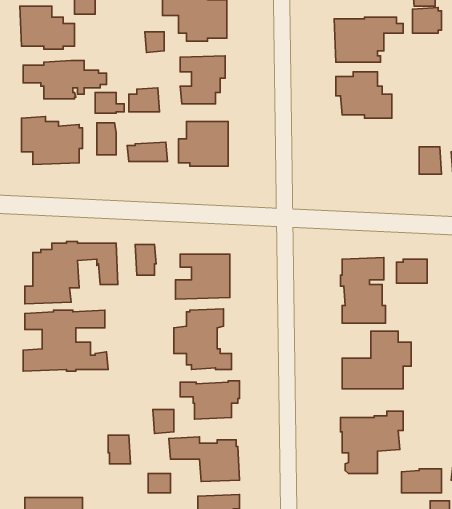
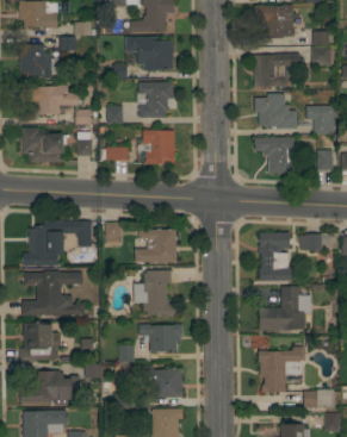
building: none -> [305,106,334,135]
building: none -> [254,137,297,174]
building: none -> [19,323,60,361]
building: none -> [20,370,79,405]

